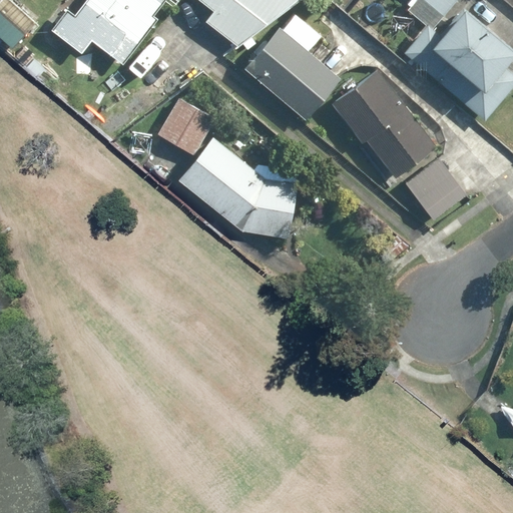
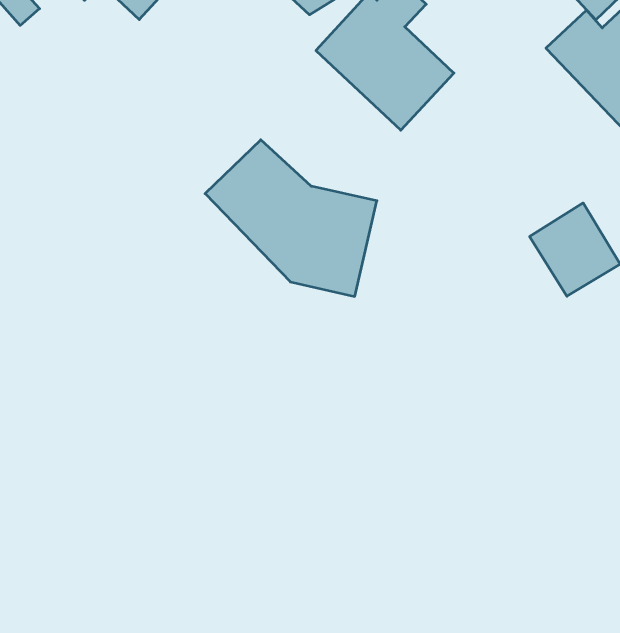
building: [333,69,438,179] -> none
building: [158,98,215,156] -> none

